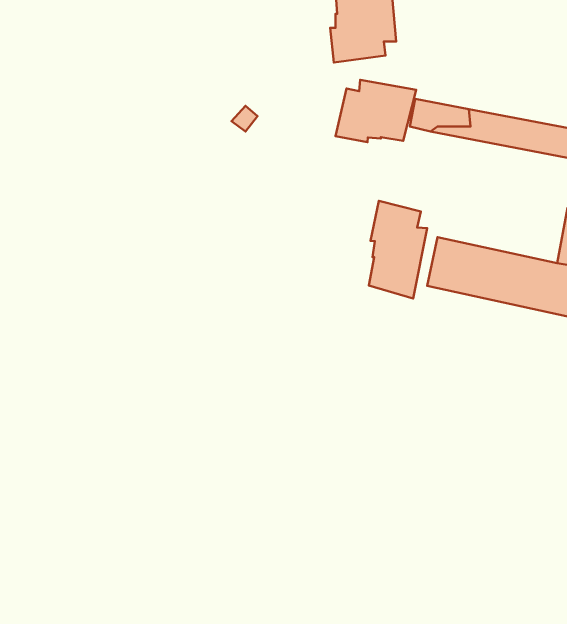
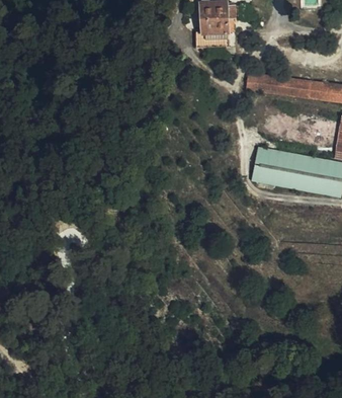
building: [336,80,416,142] -> none
building: [369,201,427,298] -> none

